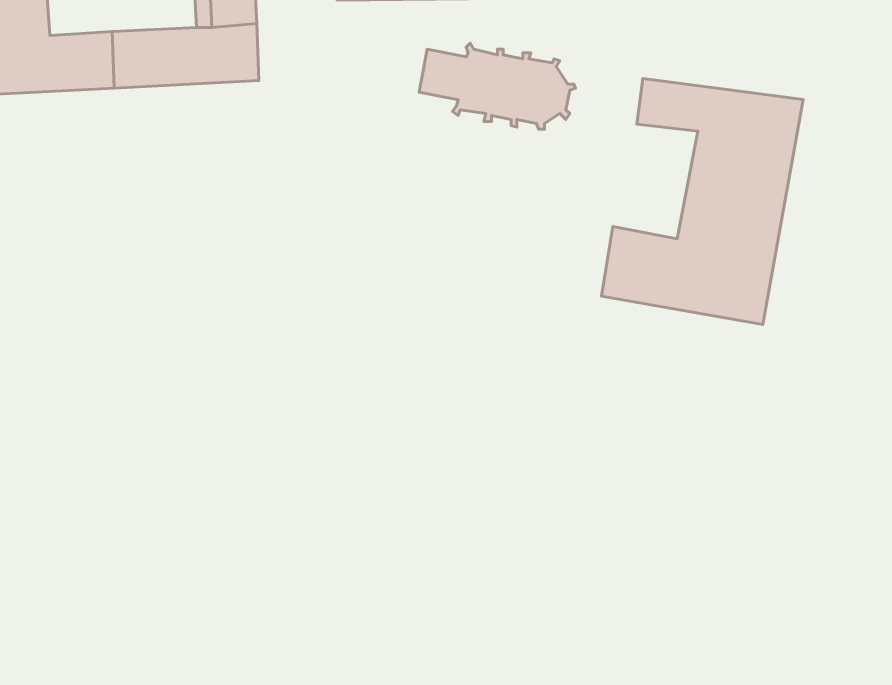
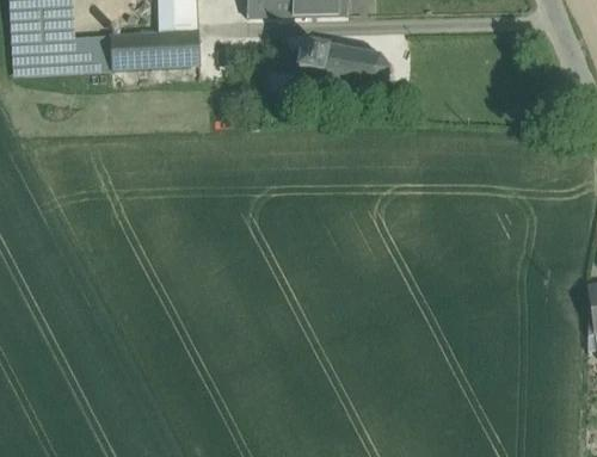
building: [601,78,803,325] -> none

